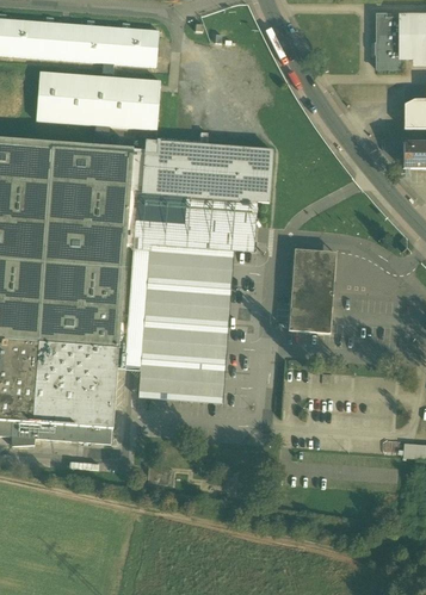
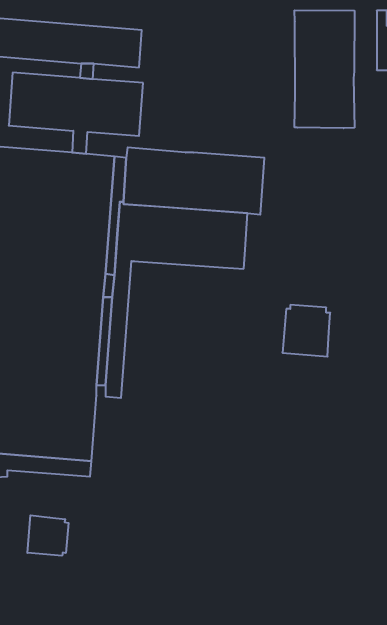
building: none -> [295,10,354,128]
building: [138,244,234,403] -> none
building: [292,248,337,292] -> none
building: none -> [27,515,69,556]

